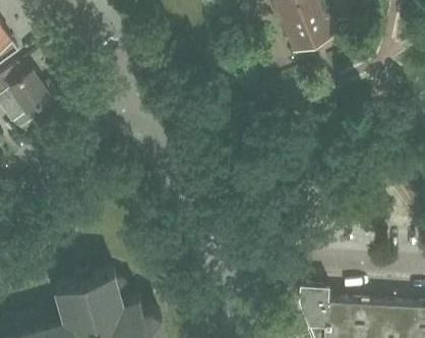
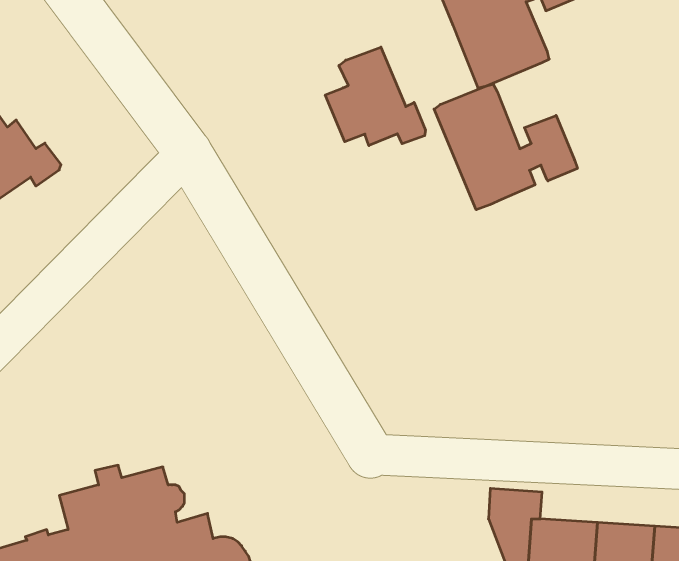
building: none -> [325,47,425,146]
building: none -> [434,84,577,210]

